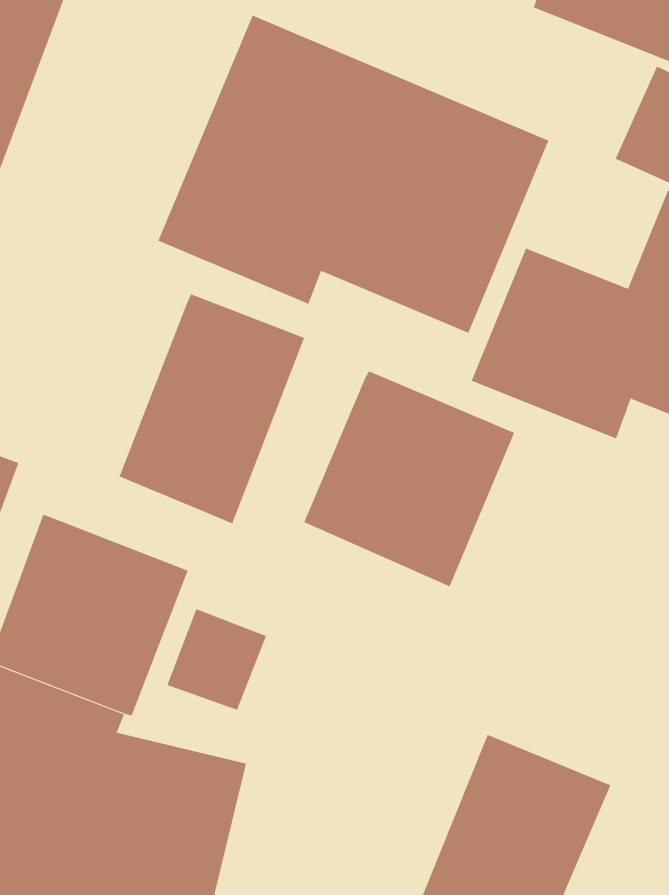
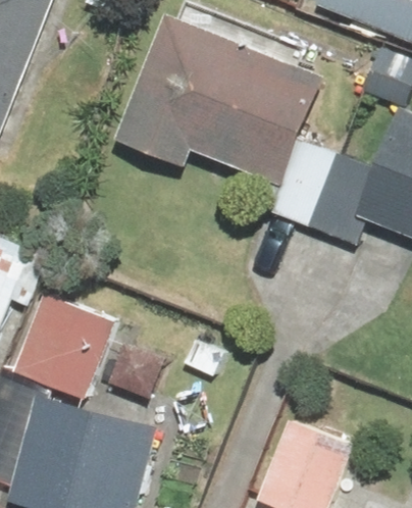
building: [119,293,305,524] -> none
building: [303,371,515,587] -> none

